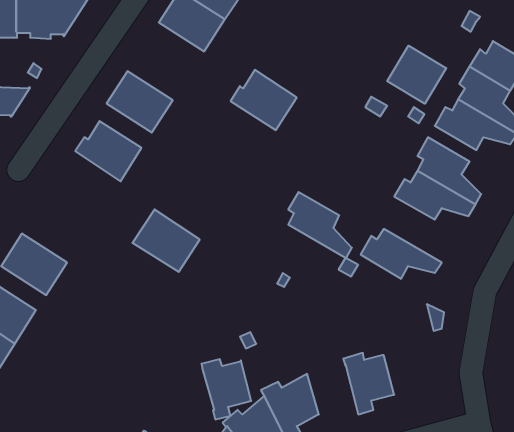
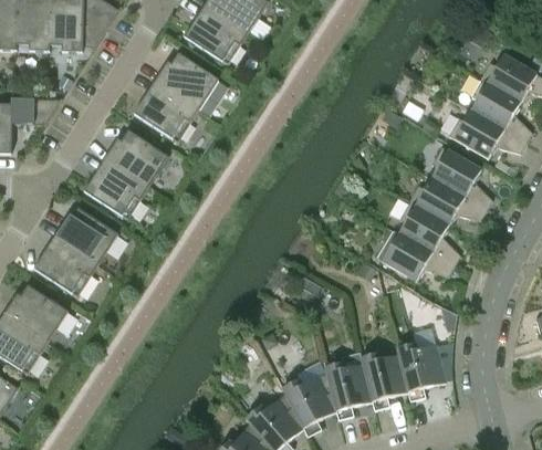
building: [387,46,446,104] -> none
building: [231,70,297,130] -> [155,53,218,111]
building: [288,192,352,258] -> [399,202,460,265]
building: none -> [54,208,118,265]
building: [132,209,200,272] -> [84,159,148,219]
building: none -> [397,343,446,400]
building: [201,359,251,419] -> [325,362,373,419]

